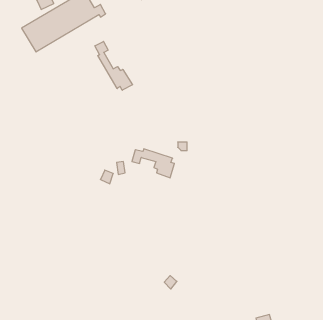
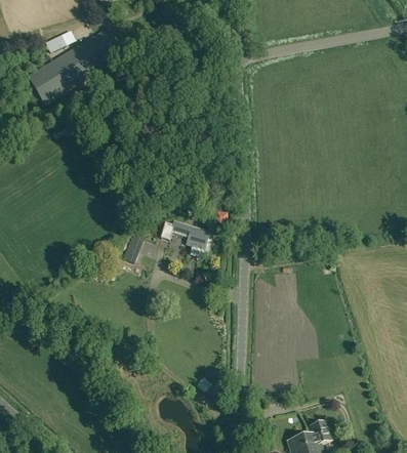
building: [95,41,133,90] -> none

